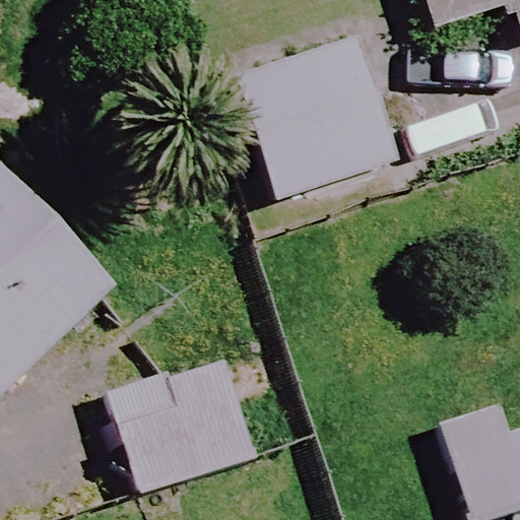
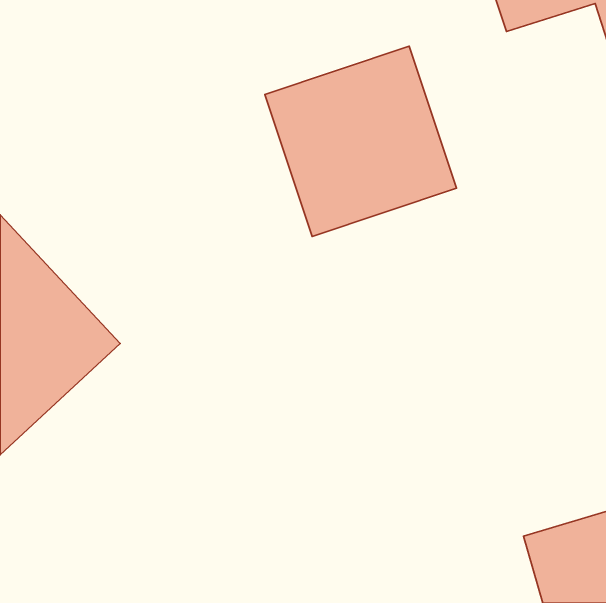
building: [107,336,297,494] -> none

